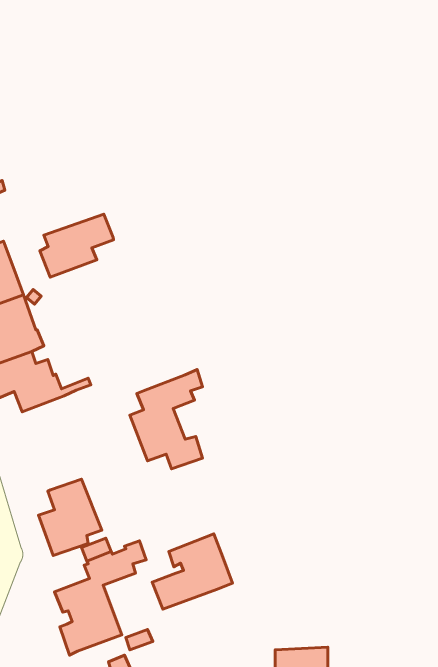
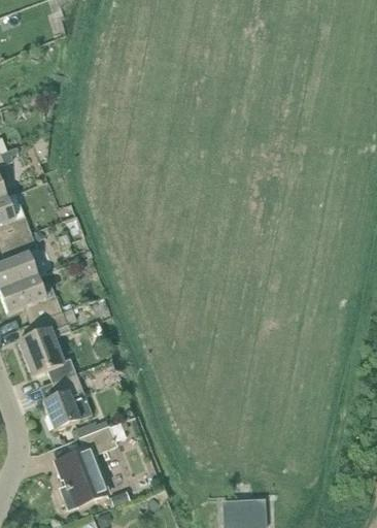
building: [40,214,114,277] -> none
building: [130,369,203,469] -> [20,305,75,382]
building: [152,534,233,609] -> none

